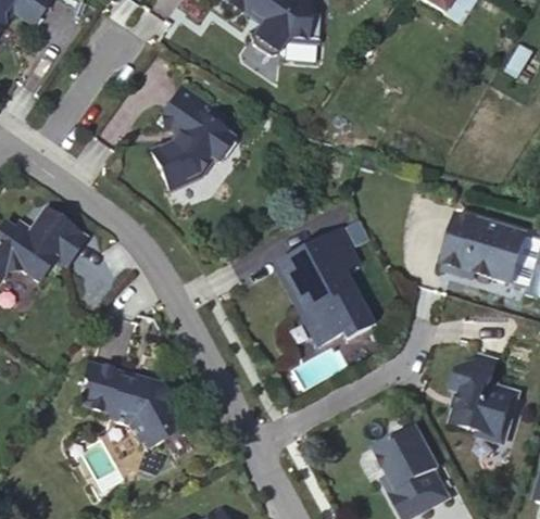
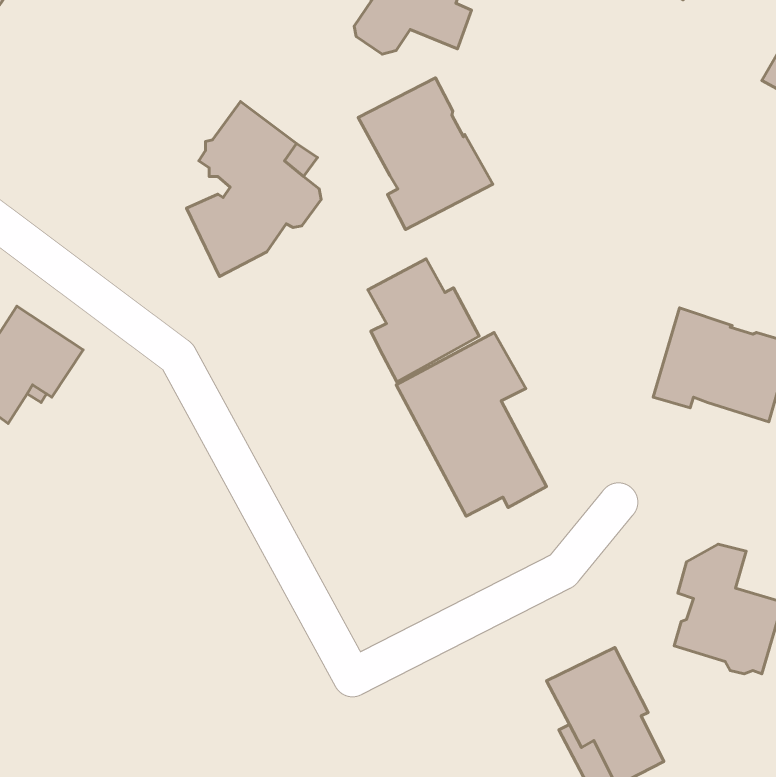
building: none -> [358,78,493,230]
building: none -> [368,259,479,382]
building: [80,362,186,448] -> none

